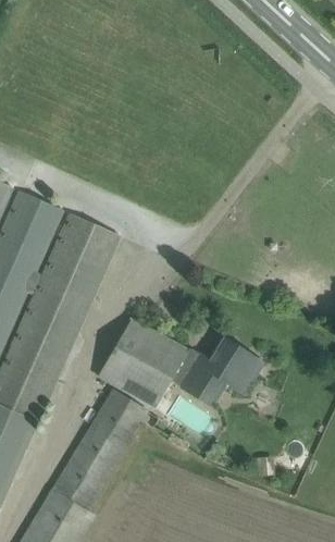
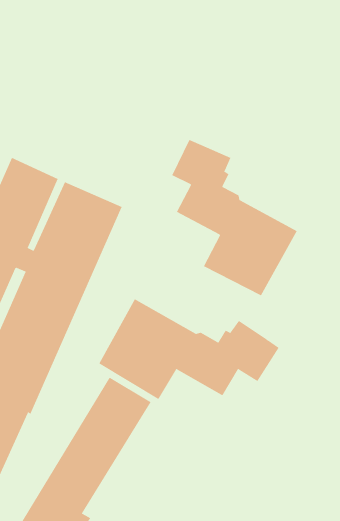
building: none -> [172,139,297,296]

